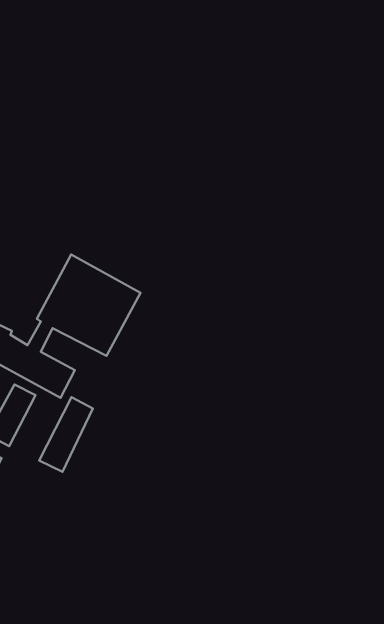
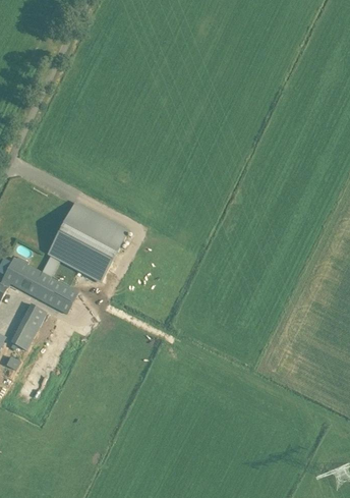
building: [39,397,93,472] -> none

